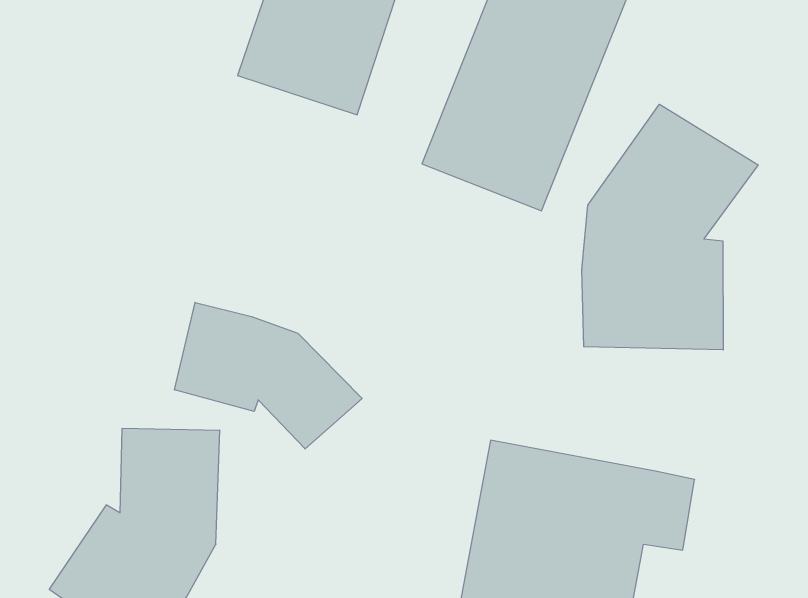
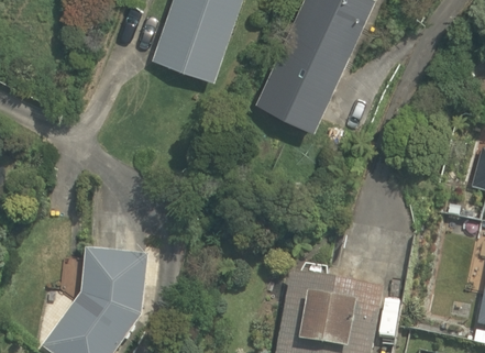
building: [582,104,758,350] -> none
building: [175,302,362,449] -> none

